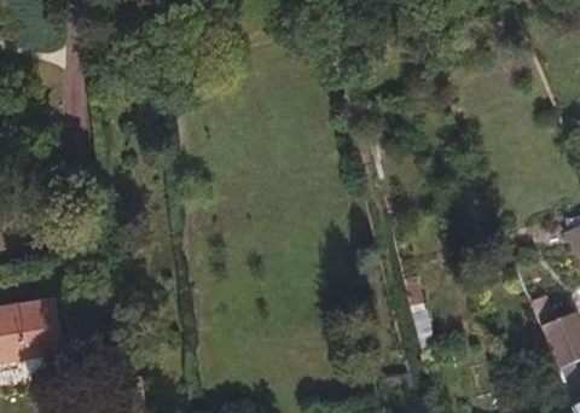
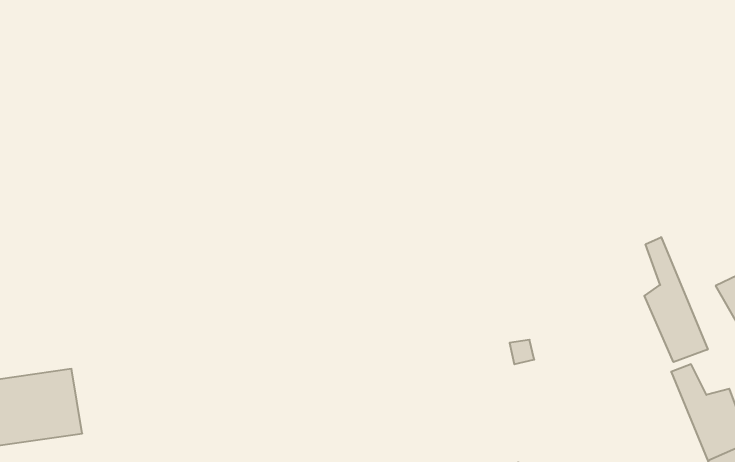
building: none -> [644,237,708,362]

